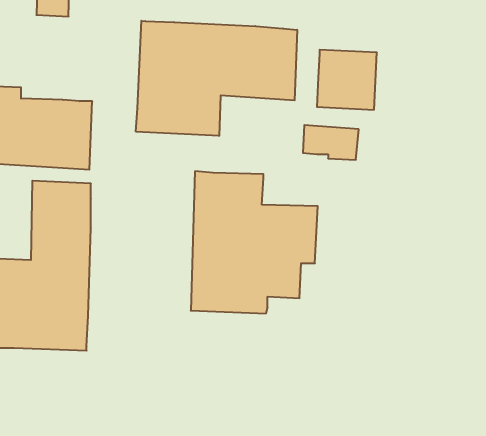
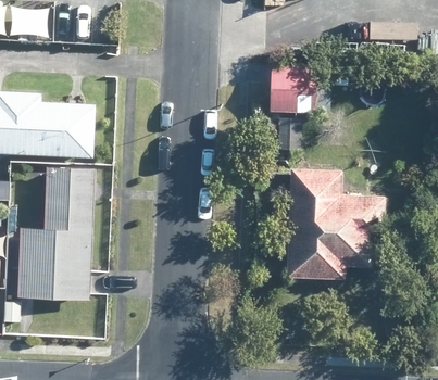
building: [136,21,297,136] -> none
building: [191,171,318,313] -> [287,167,386,278]

